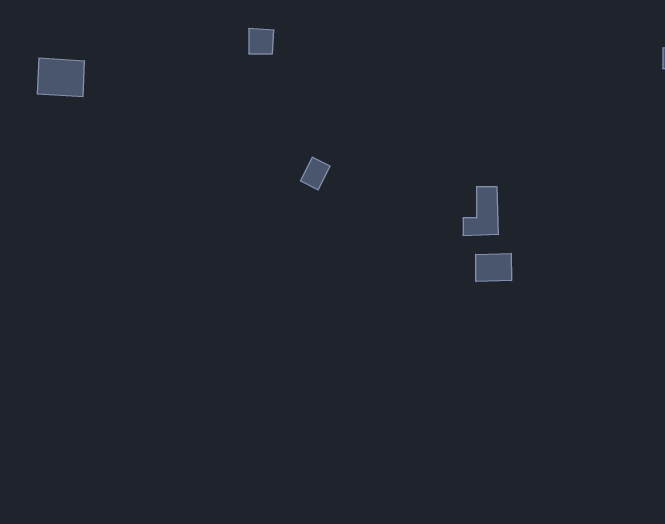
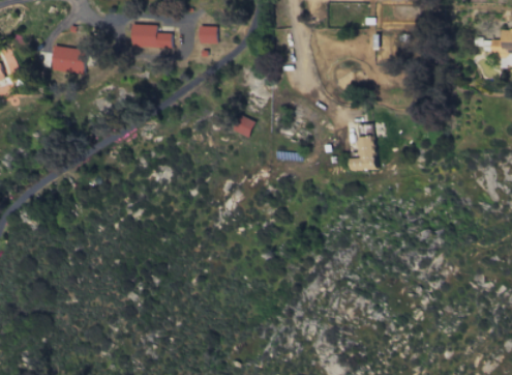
building: none -> [131,25,171,48]
building: [476,253,511,282] -> none

